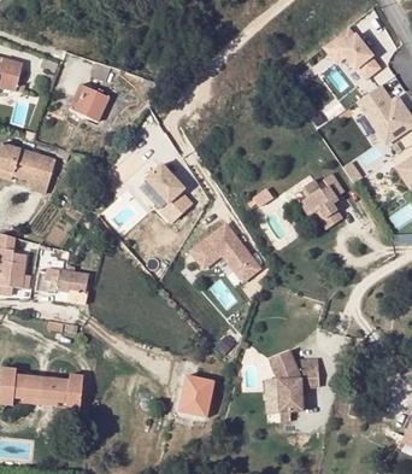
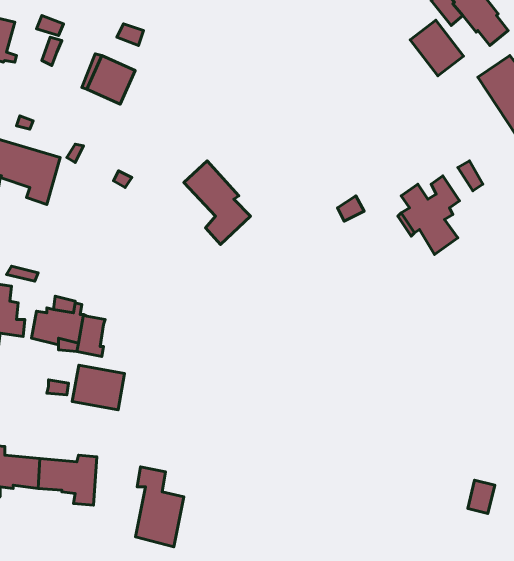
building: none -> [410,20,464,76]
building: [189,224,258,281] -> none
building: none -> [72,365,125,410]
building: [266,347,318,410] -> none
building: [178,359,213,417] -> [136,467,184,547]

